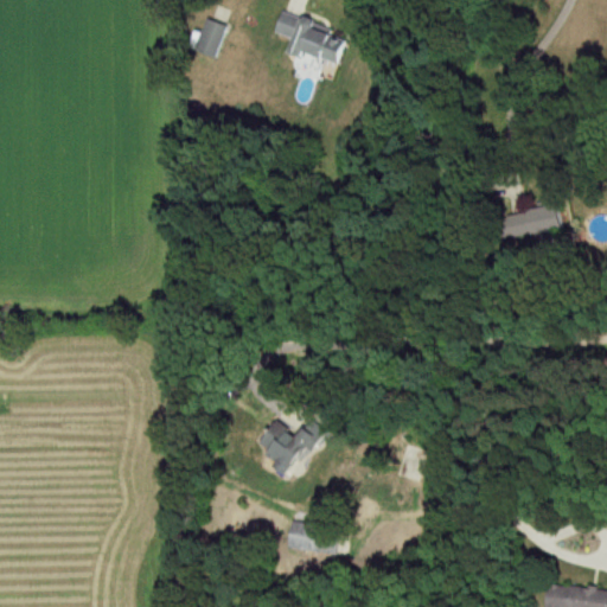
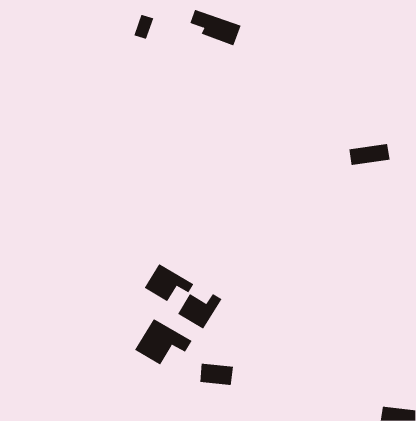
building: none -> [144,263,194,302]
building: none -> [134,318,193,366]

